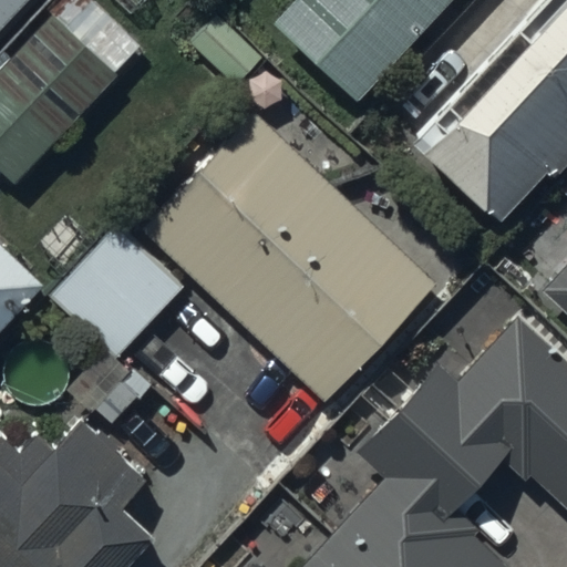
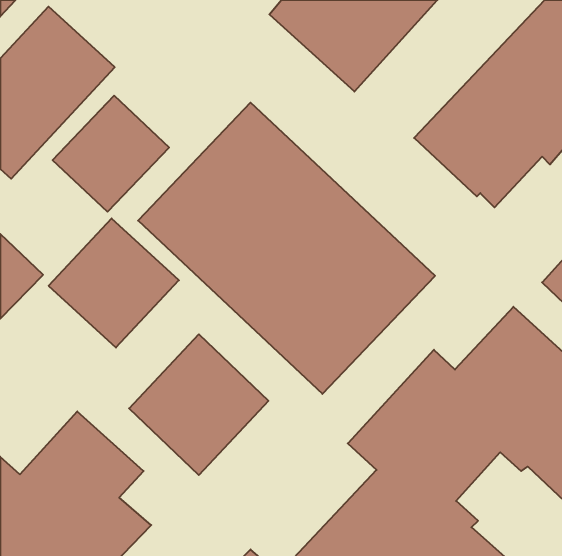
building: none -> [53,96,169,212]
building: none -> [129,334,268,475]

